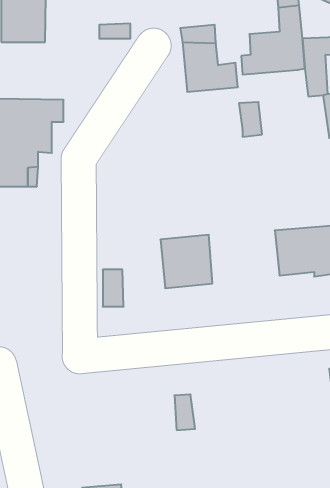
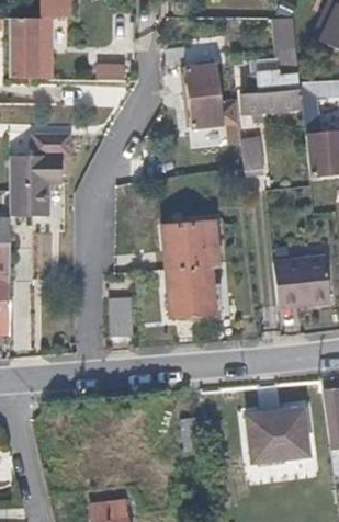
building: none -> [161,220,219,269]
building: none -> [244,408,309,459]

